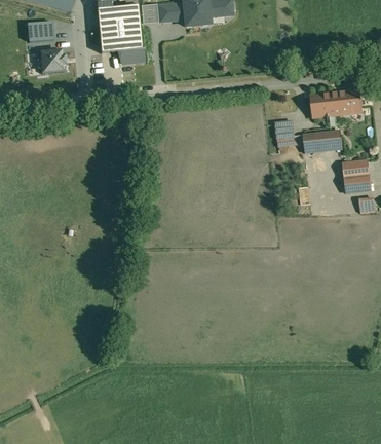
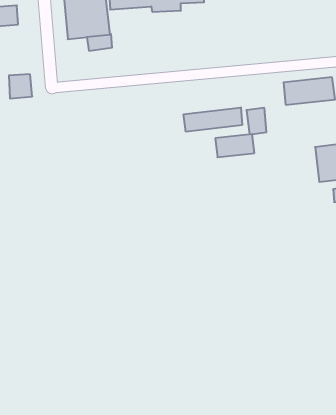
building: [40,49,63,73] -> [9,74,32,99]
building: none -> [184,107,242,132]
building: [302,130,340,152] -> [215,134,254,157]

